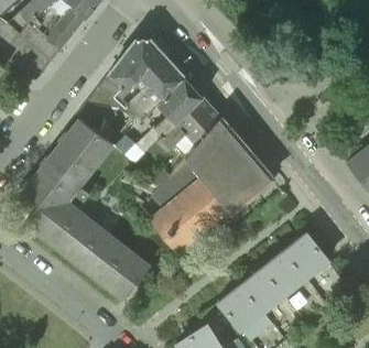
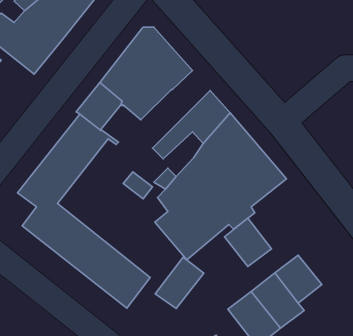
building: [137,76,202,152] -> none
building: [284,231,328,276] -> [224,218,271,266]
building: none -> [155,257,204,309]

